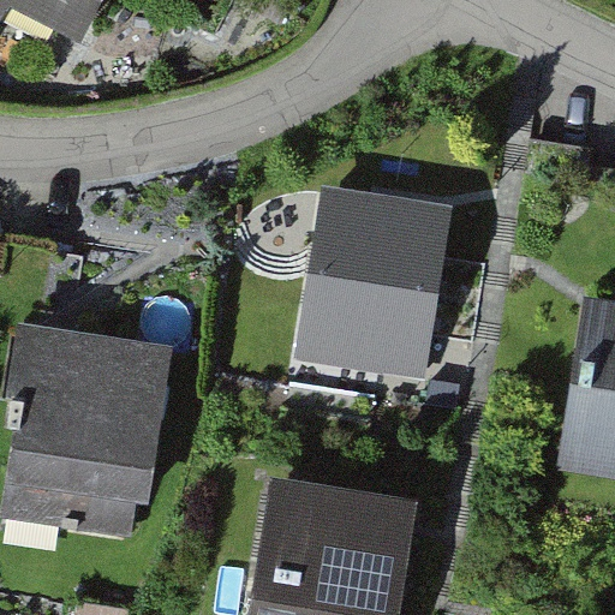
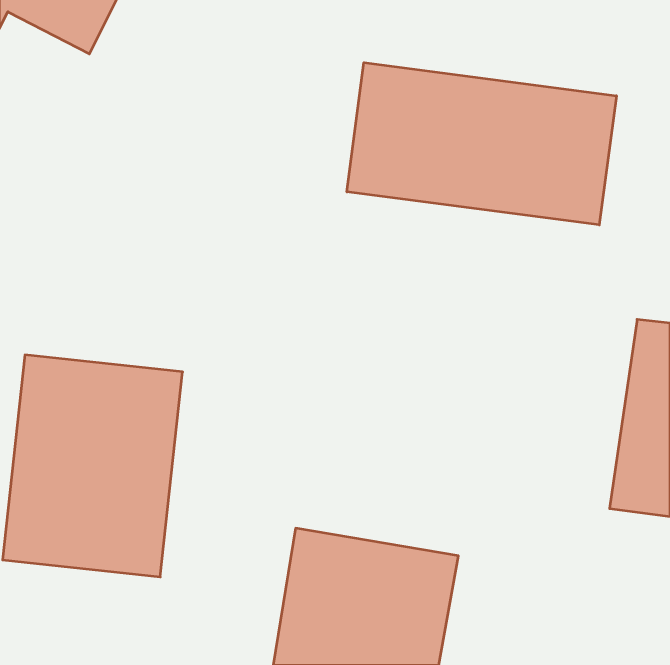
building: none -> [347,63,616,225]
building: [300,187,448,378] -> none

